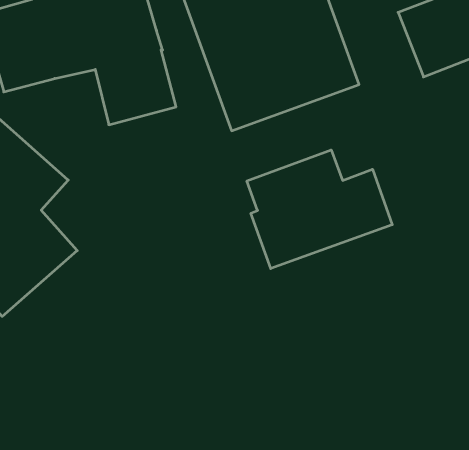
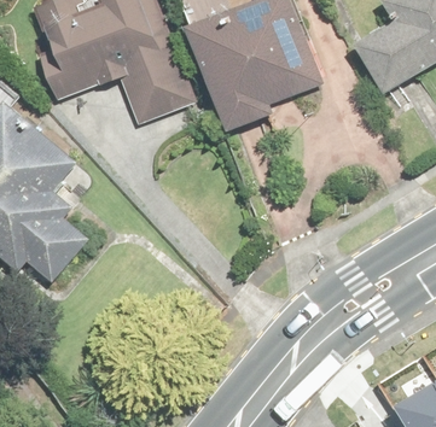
building: [247,150,392,269] -> none

